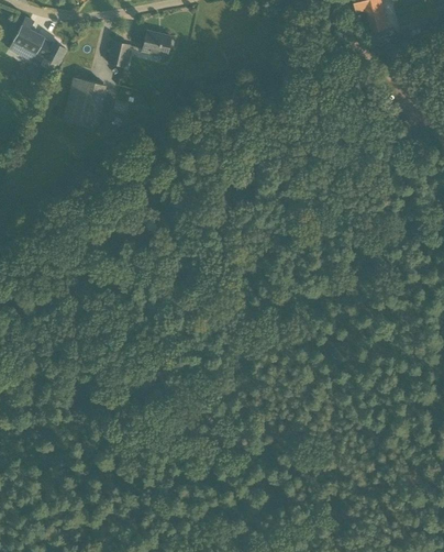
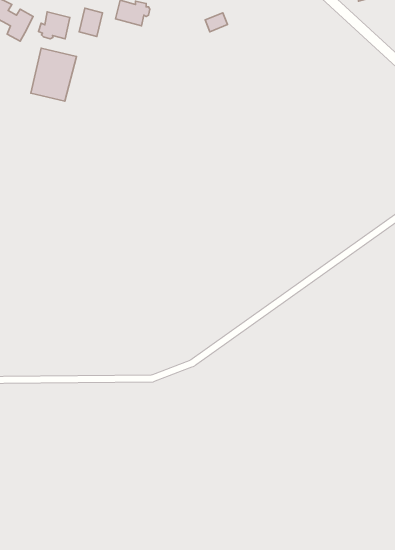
building: none -> [39,12,70,39]

